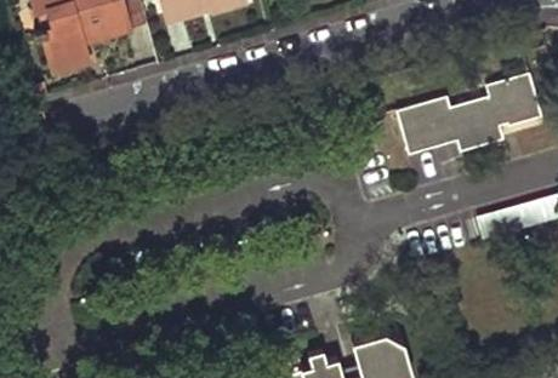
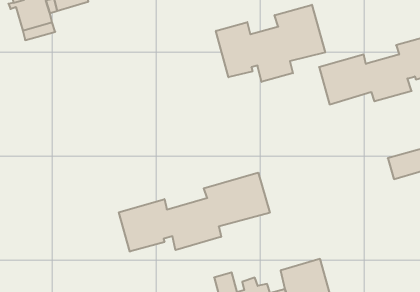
building: none -> [216,5,325,82]
building: none -> [119,173,270,252]

